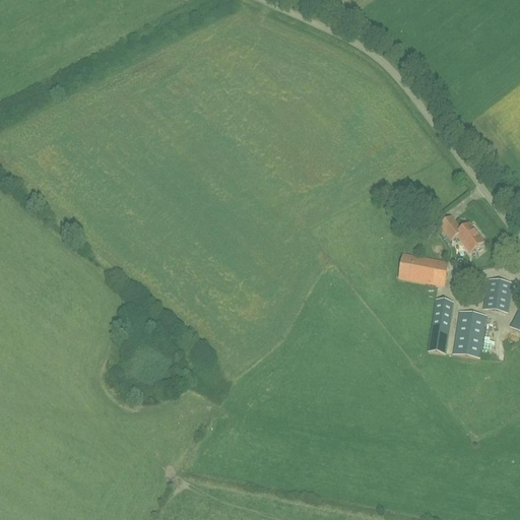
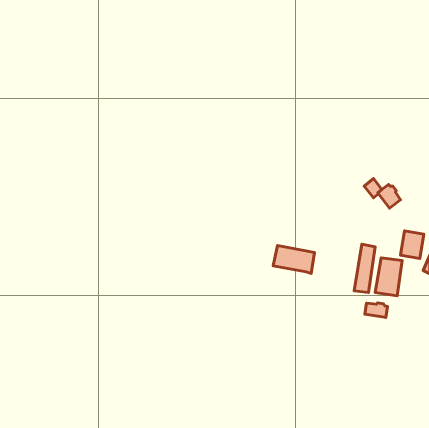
building: [399,253,449,286] -> [273,246,314,273]
building: none -> [365,303,387,317]

